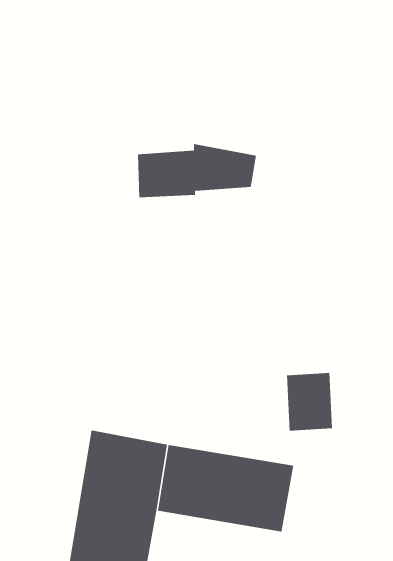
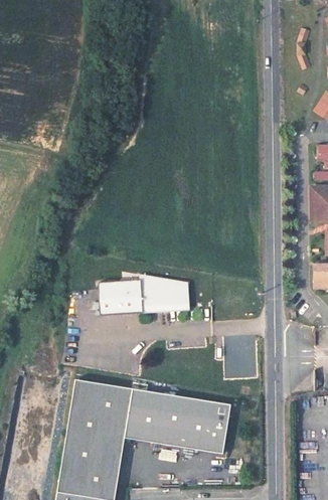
building: [137,143,257,198] -> [98,275,188,316]

